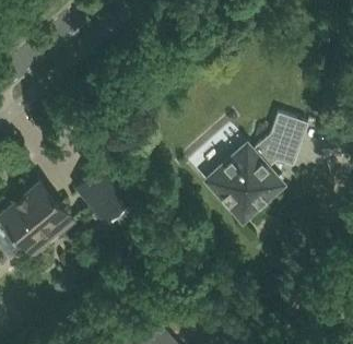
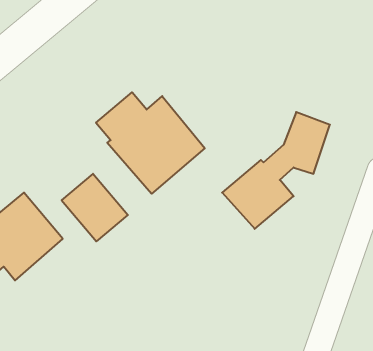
building: none -> [96,92,205,194]

